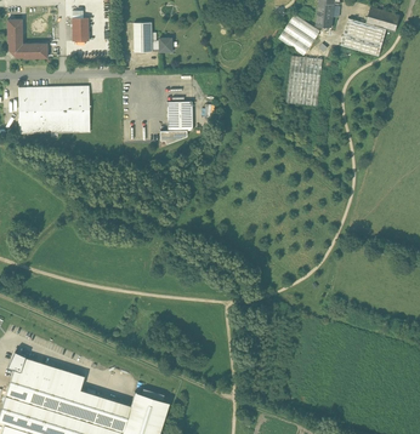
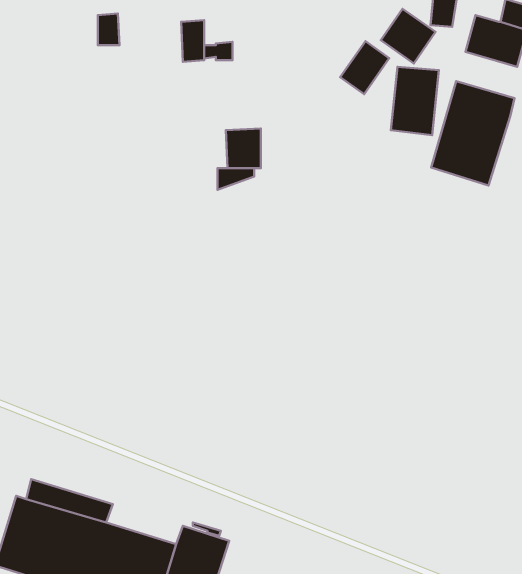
building: [7,19,47,58] -> none
building: none -> [340,41,389,94]
building: none -> [431,81,514,186]
building: [18,85,90,133] -> none

